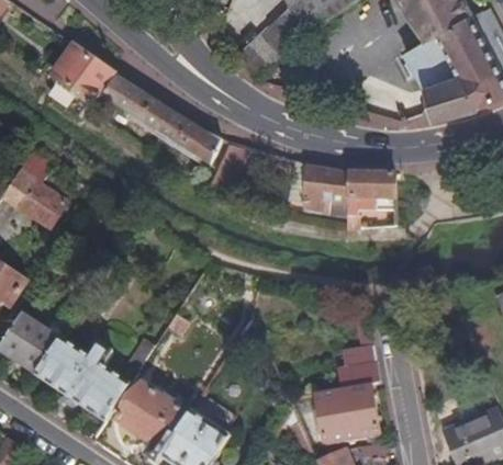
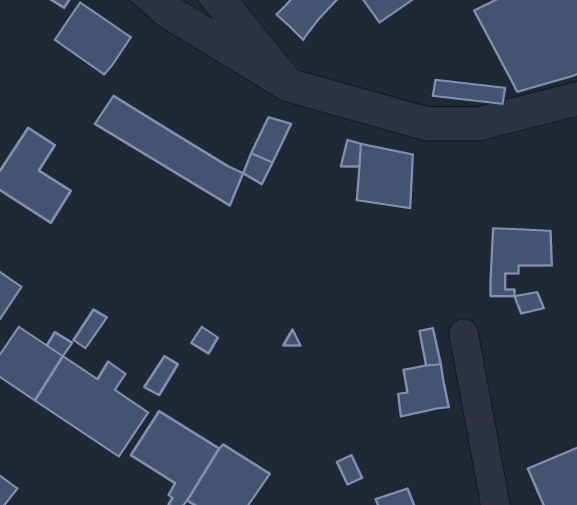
building: [101,76,223,166] -> [95,96,243,205]
building: [346,172,396,228] -> [490,228,552,296]
building: [313,381,378,443] -> none

